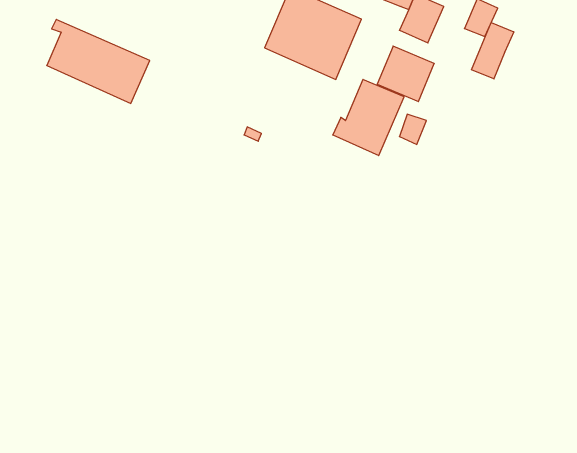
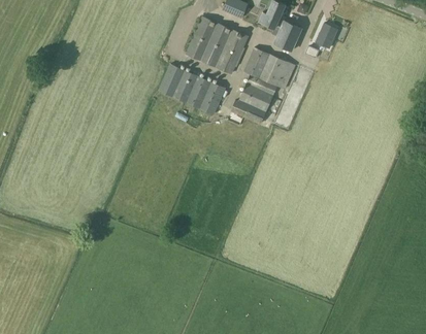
building: [47,19,150,103] -> [159,61,226,115]
building: [471,23,514,79] -> none
building: none -> [243,47,269,78]

